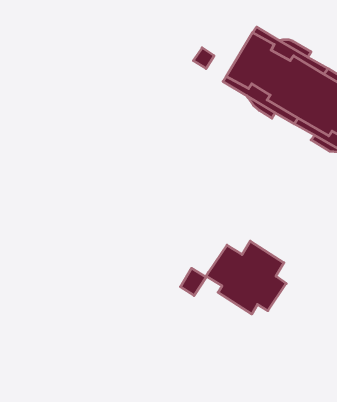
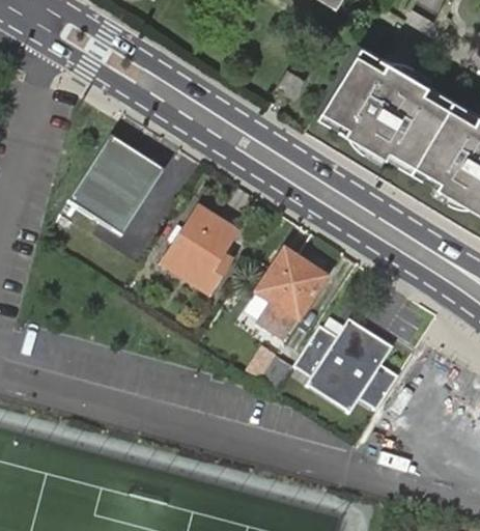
building: none -> [69,137,164,236]
building: none -> [162,207,235,291]
building: none -> [257,250,323,339]

